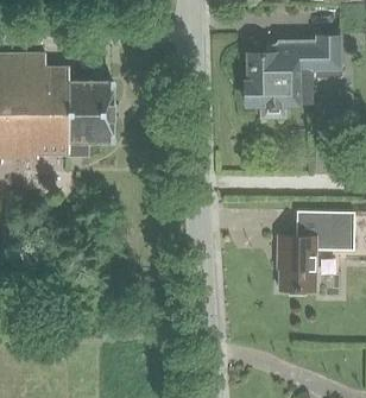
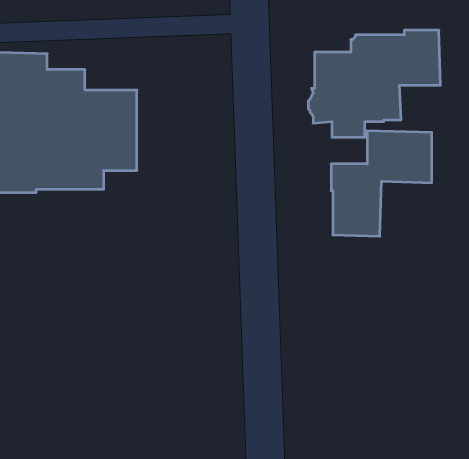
building: [278,210,354,290] -> [331,131,432,236]

